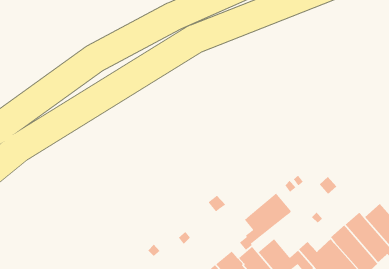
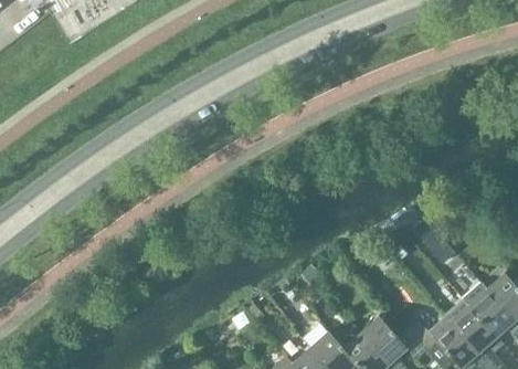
building: [239,192,292,251] -> none

